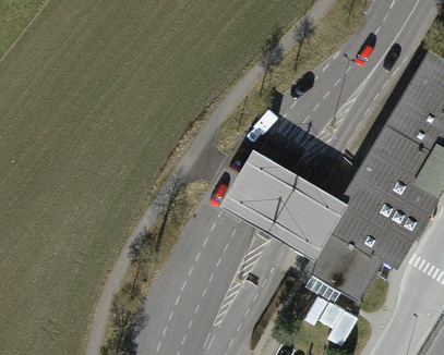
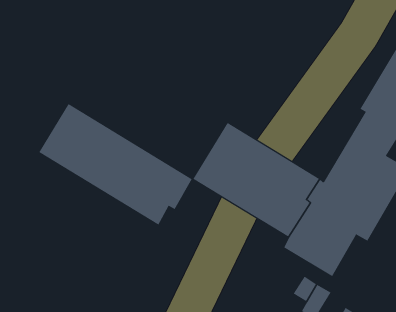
building: none -> [39,103,193,226]

